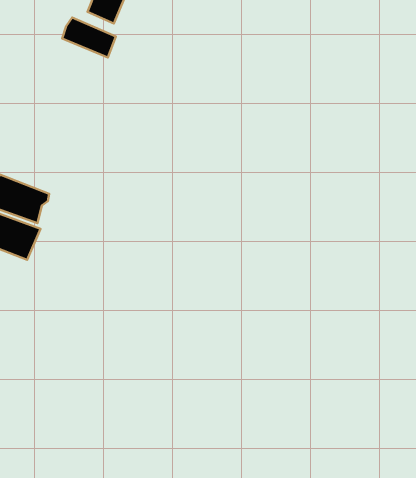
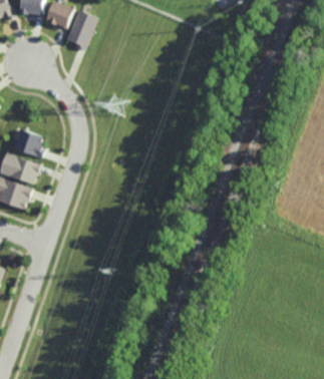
building: [62,18,116,58] -> none
building: none -> [13,128,43,158]

